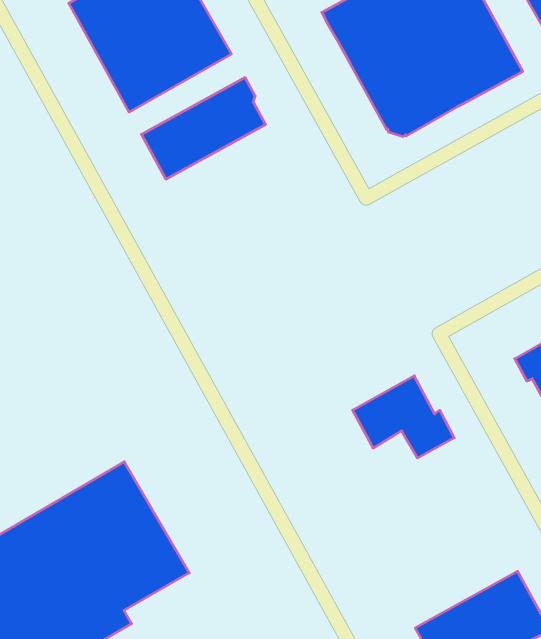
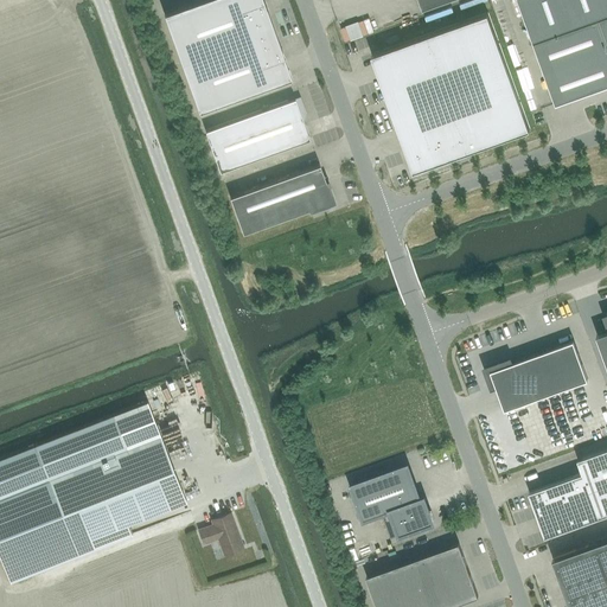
building: none -> [230,167,333,236]
building: [353,376,454,458] -> [352,468,433,537]
building: none -> [199,517,242,557]

